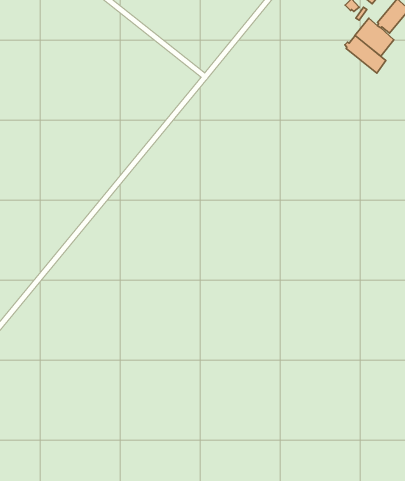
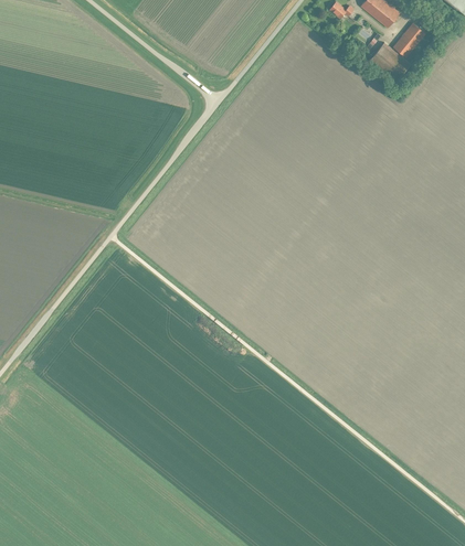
building: [345,36,386,73] -> none

